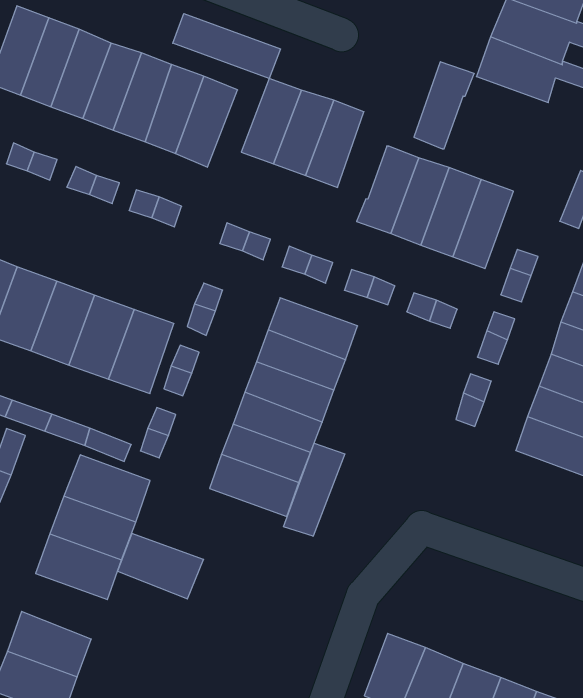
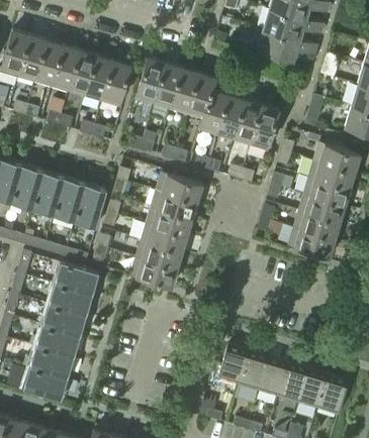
building: [173,14,280,79] -> none
building: [414,62,474,149] -> [187,74,216,119]
building: [284,443,345,536] -> none
building: [118,533,204,599] -> [36,326,81,358]

